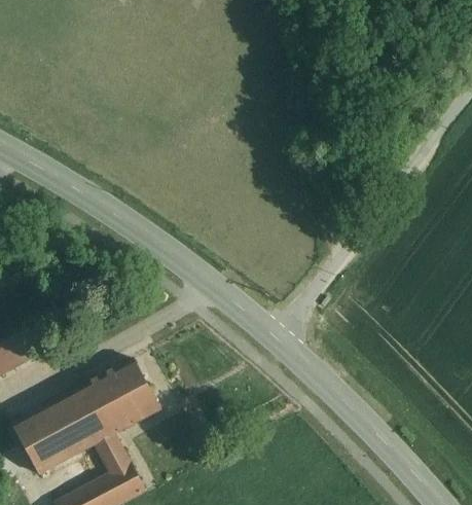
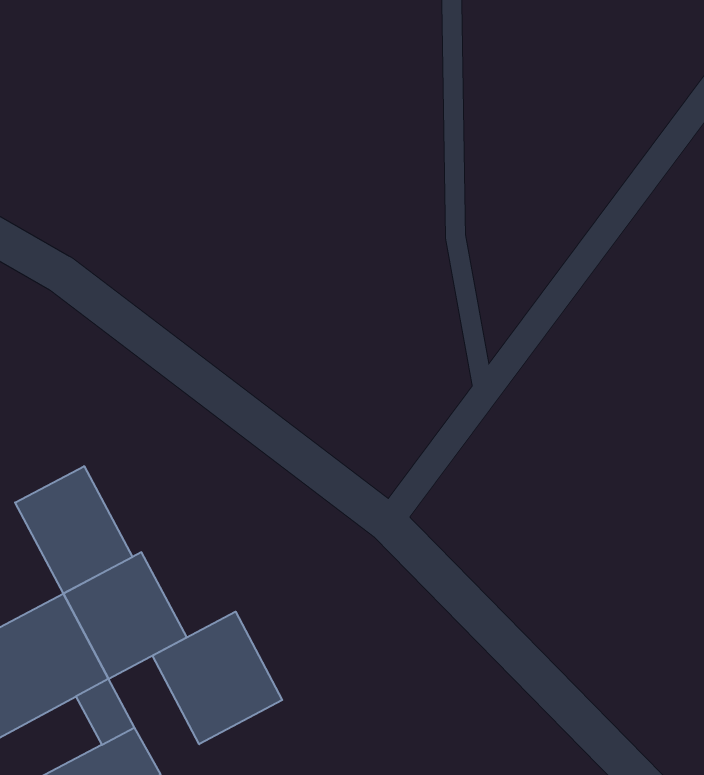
building: none -> [15,466,132,594]
building: none -> [152,612,282,744]

